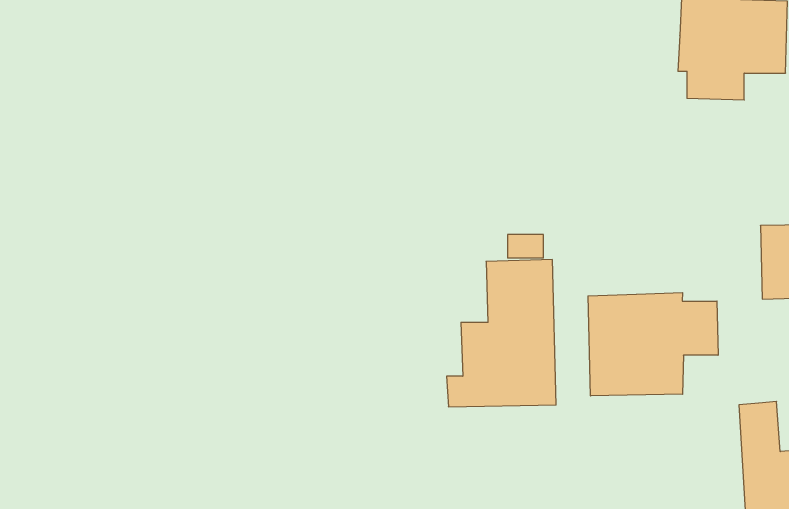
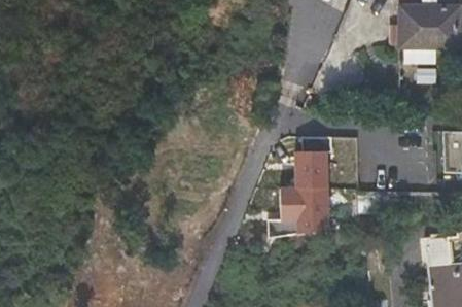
building: [588,293,718,396] -> none

